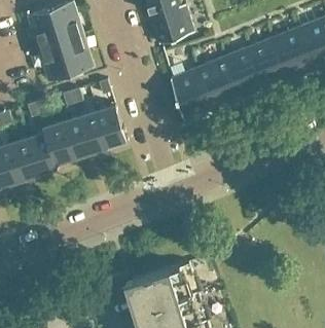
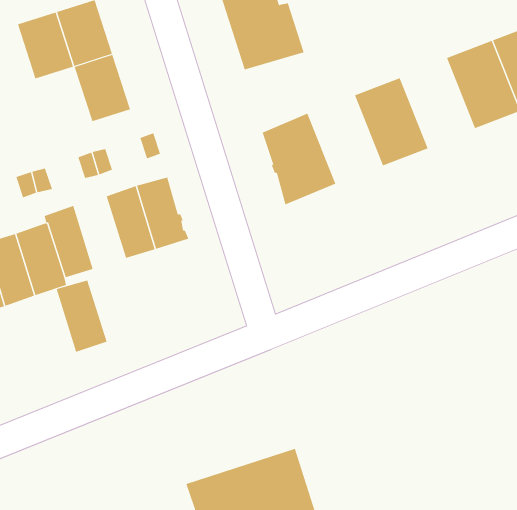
building: [250,36,293,88] -> none
building: [38,41,71,80] -> none
building: [196,58,240,109] -> none
building: [61,116,91,158] -> [56,280,107,353]

